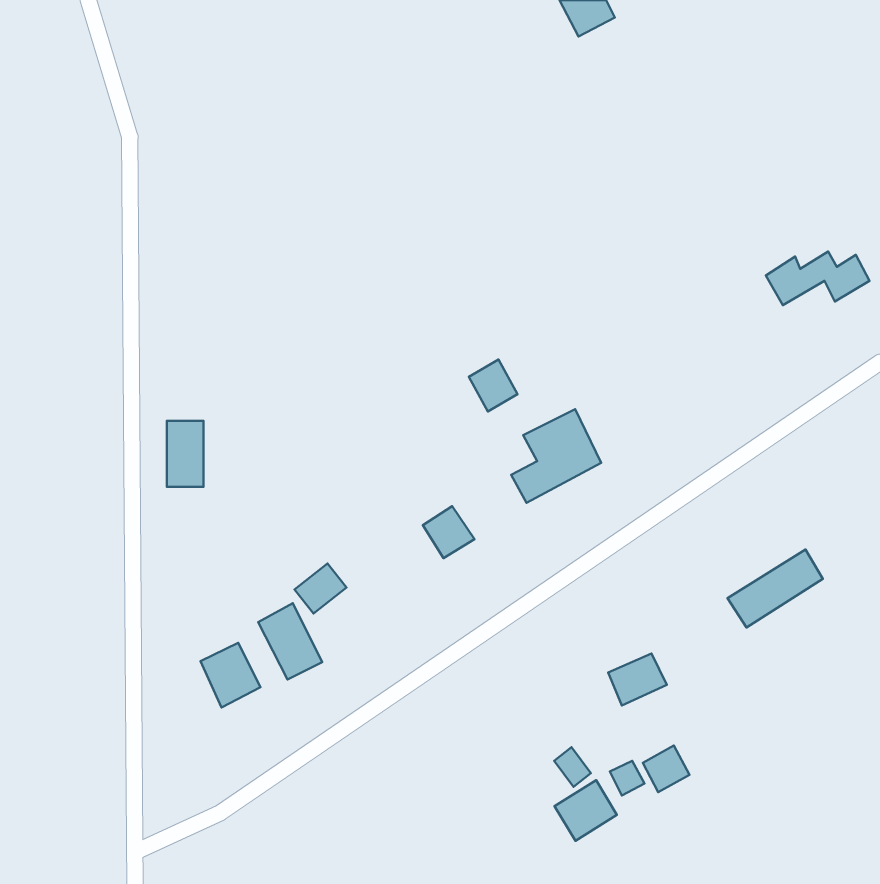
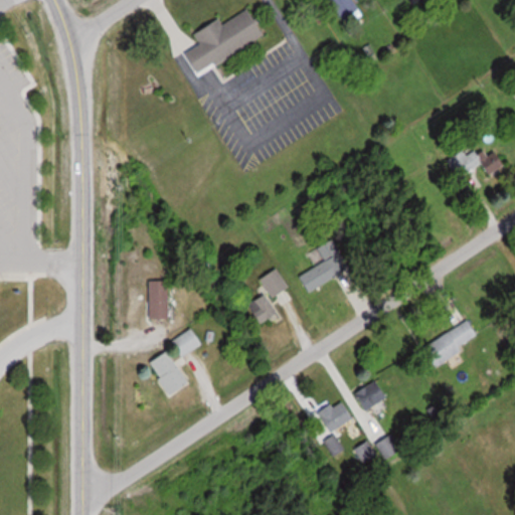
building: none -> [185,9,264,72]
building: [469,359,517,411] -> [260,269,288,299]
building: [167,421,203,487] -> [148,281,169,319]
building: [200,643,261,708] -> none
building: [555,780,617,841] -> [316,398,352,434]

